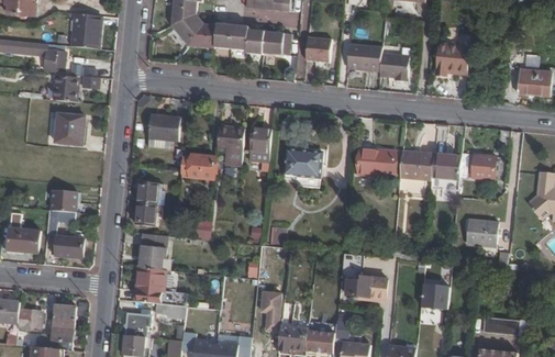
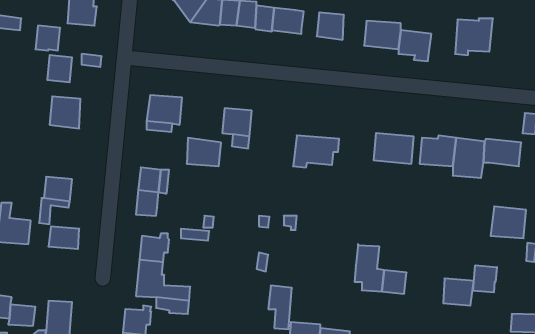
building: [248,125,270,161] -> none
building: none -> [473,265,497,292]

